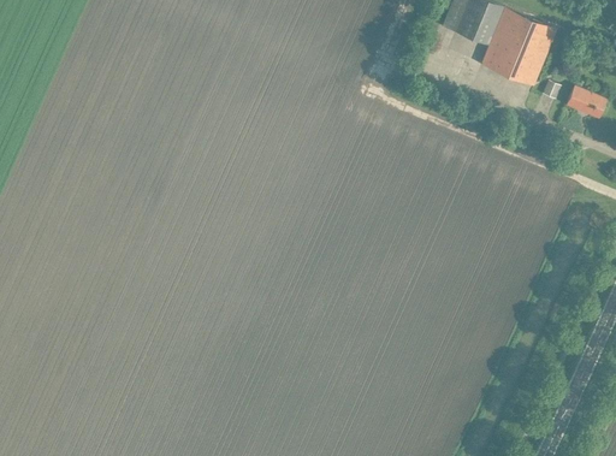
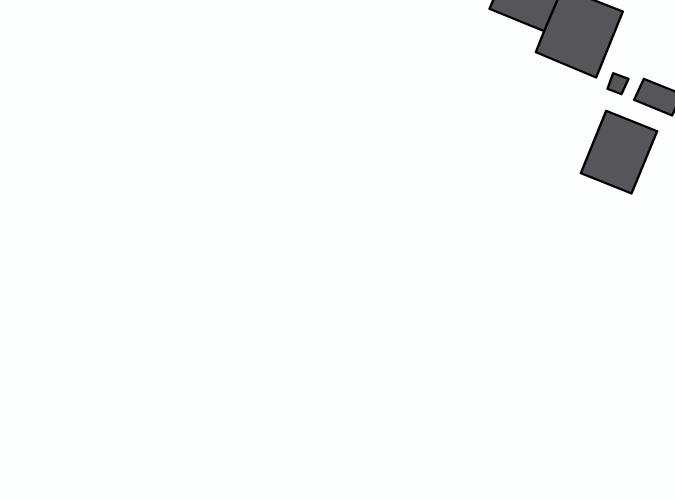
building: none -> [581,111,657,193]

